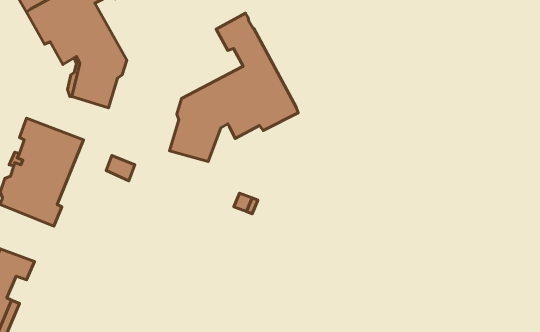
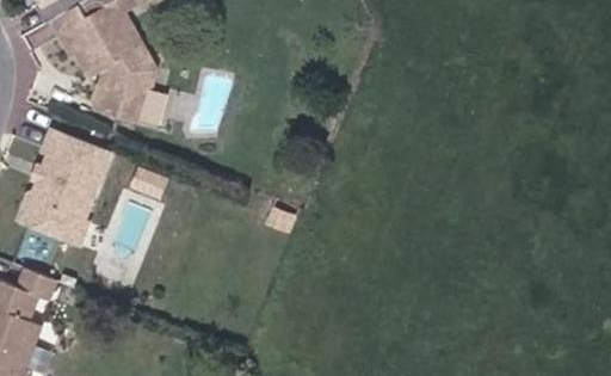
building: [169,13,298,161] -> none

